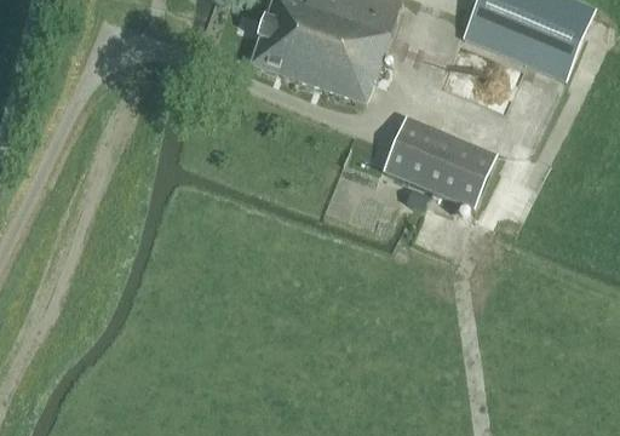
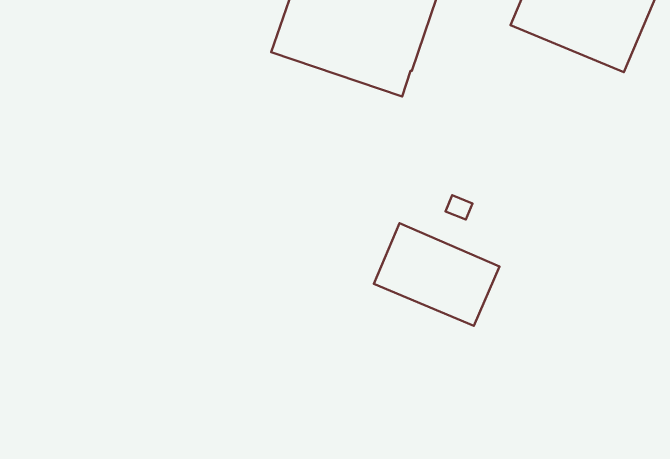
building: [383,117,495,210] -> [374,223,499,326]

